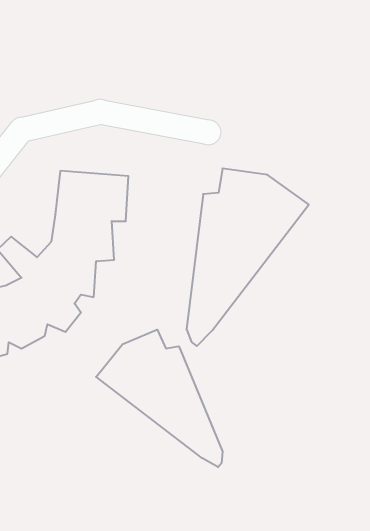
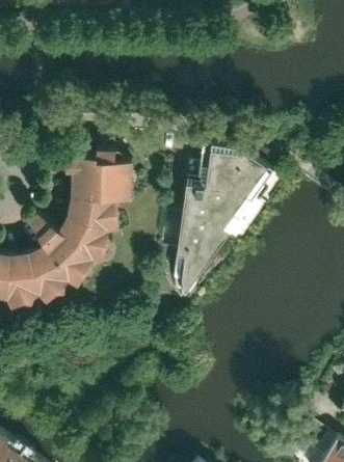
building: [96,330,223,467] -> none

